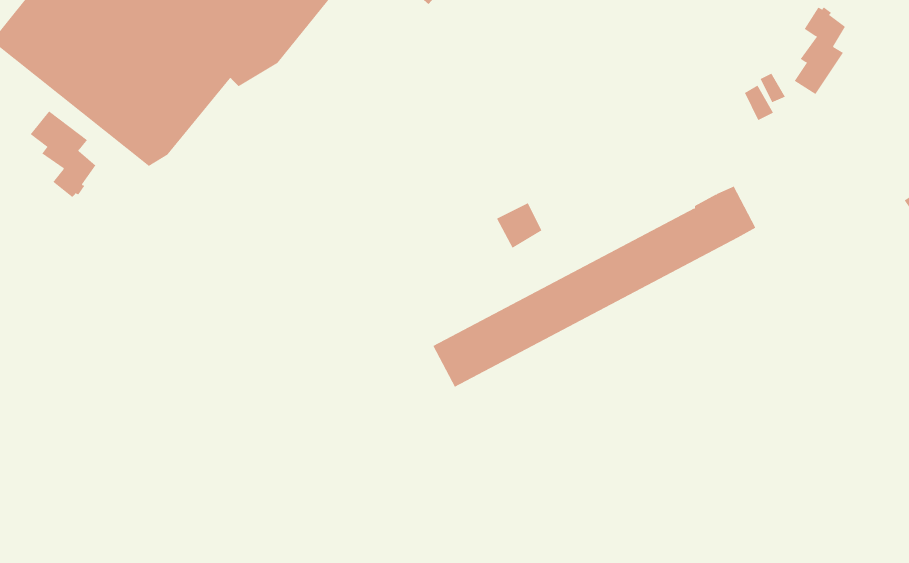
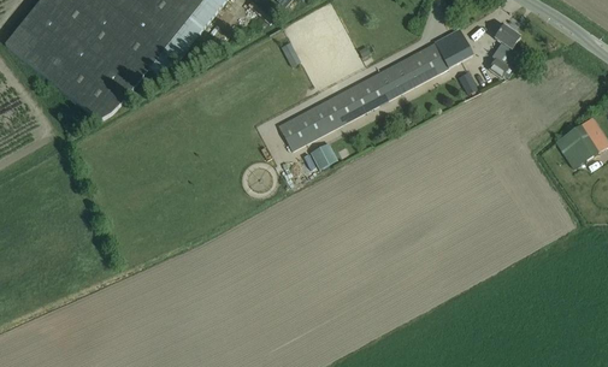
building: [30,110,96,198] -> none
building: [433,186,756,388] -> [277,29,472,150]

